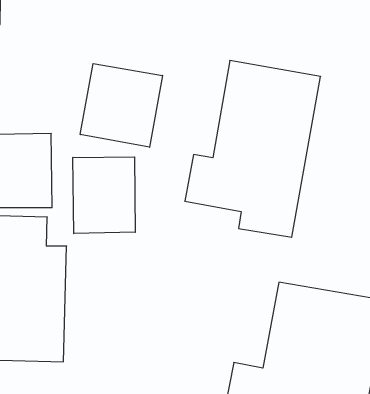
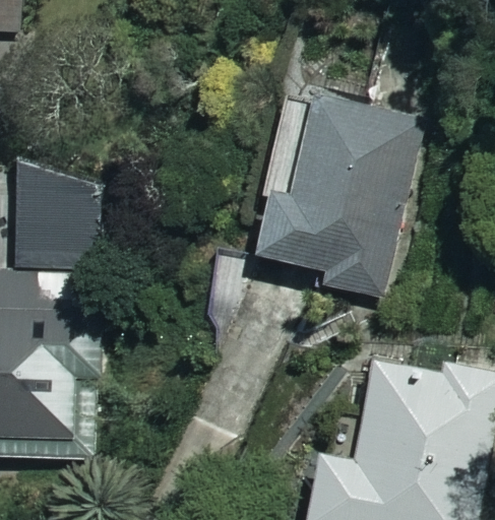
building: [80,64,163,147] -> none
building: [73,157,135,234] -> none

